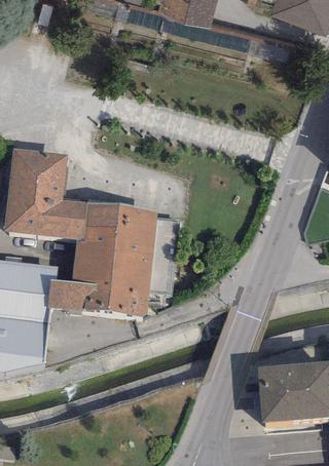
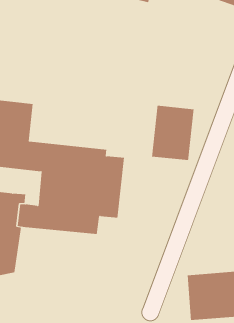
building: none -> [151,105,194,161]

